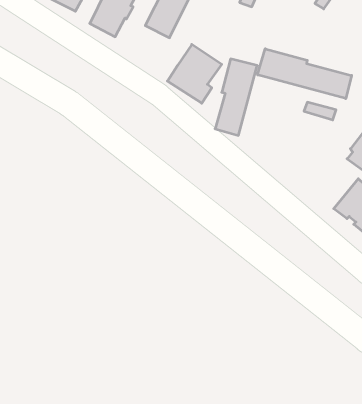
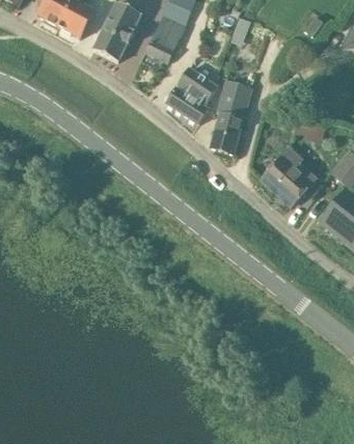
building: [258,49,352,99] -> none
building: none -> [262,155,311,204]

